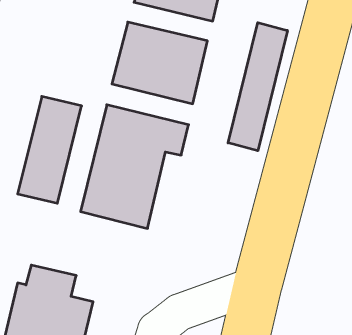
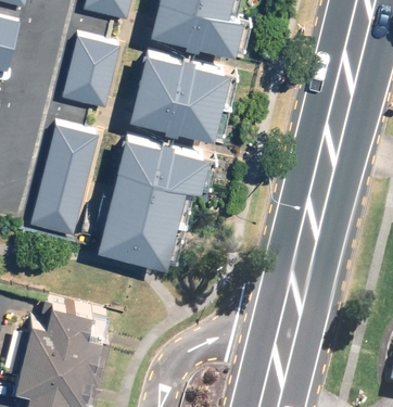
building: none -> [63,38,121,110]
building: [228,23,287,151] -> none

